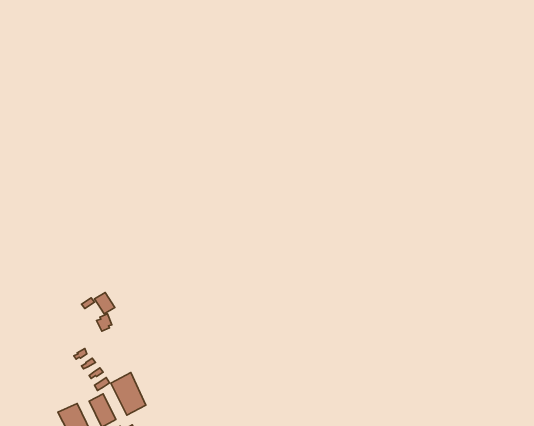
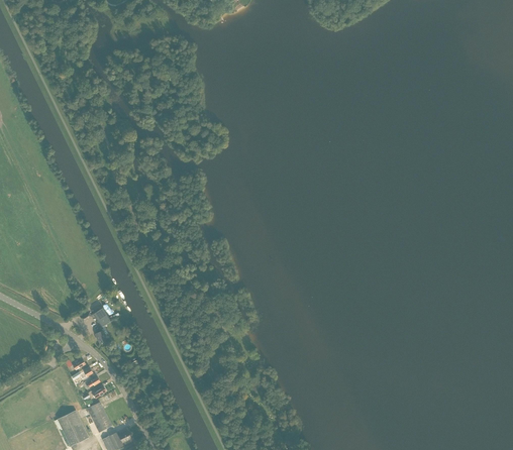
building: [111,373,146,415] -> none

